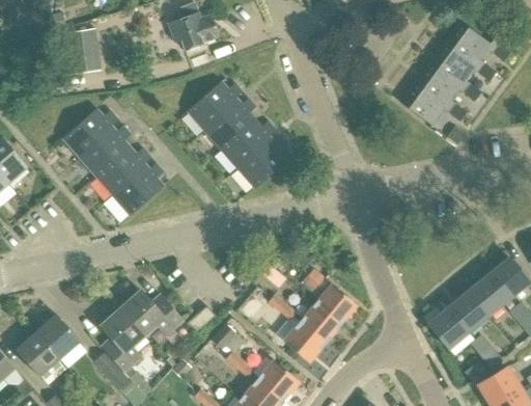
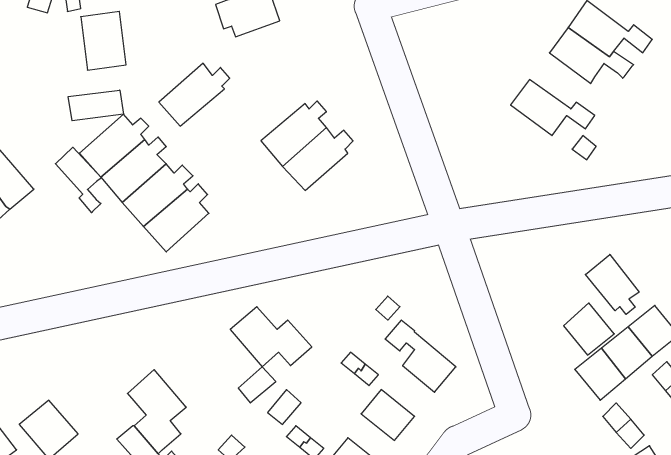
building: [413,61,478,105] -> none
building: [188,81,243,130] -> [159,63,230,126]
building: none -> [68,90,123,121]
building: none -> [55,147,101,213]
building: [239,136,288,188] -> none
building: none -> [585,254,639,314]
building: [121,290,185,336] -> [230,307,312,367]
building: [298,304,339,344] -> none
building: [428,307,468,348] -> [564,303,614,355]
building: [39,315,80,357] -> none

